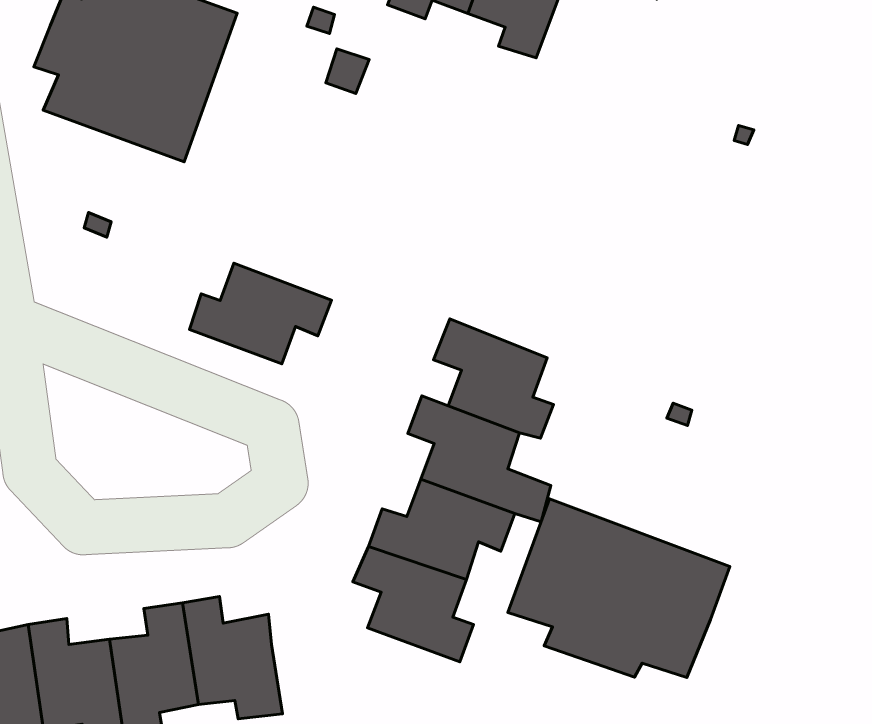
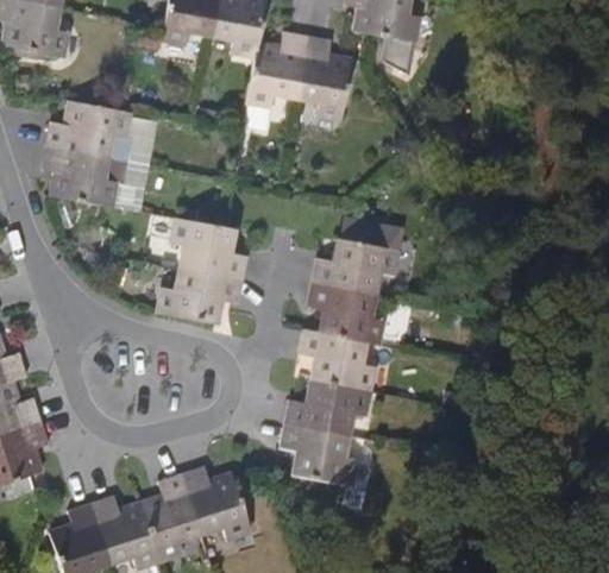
building: none -> [171,216,245,281]
building: none -> [313,220,401,295]
building: [508,499,730,678] -> none

